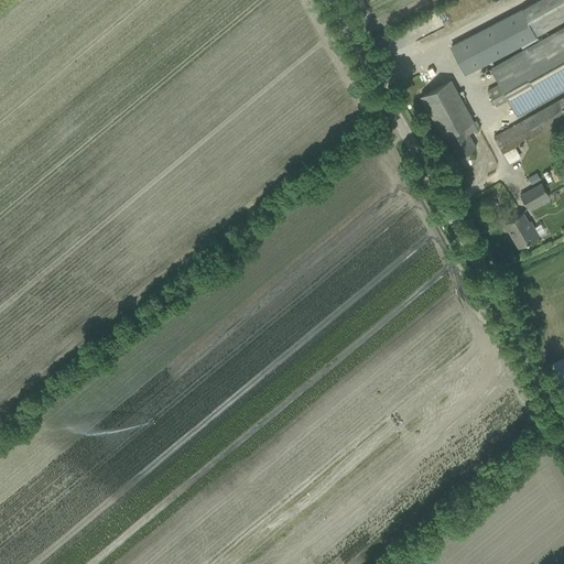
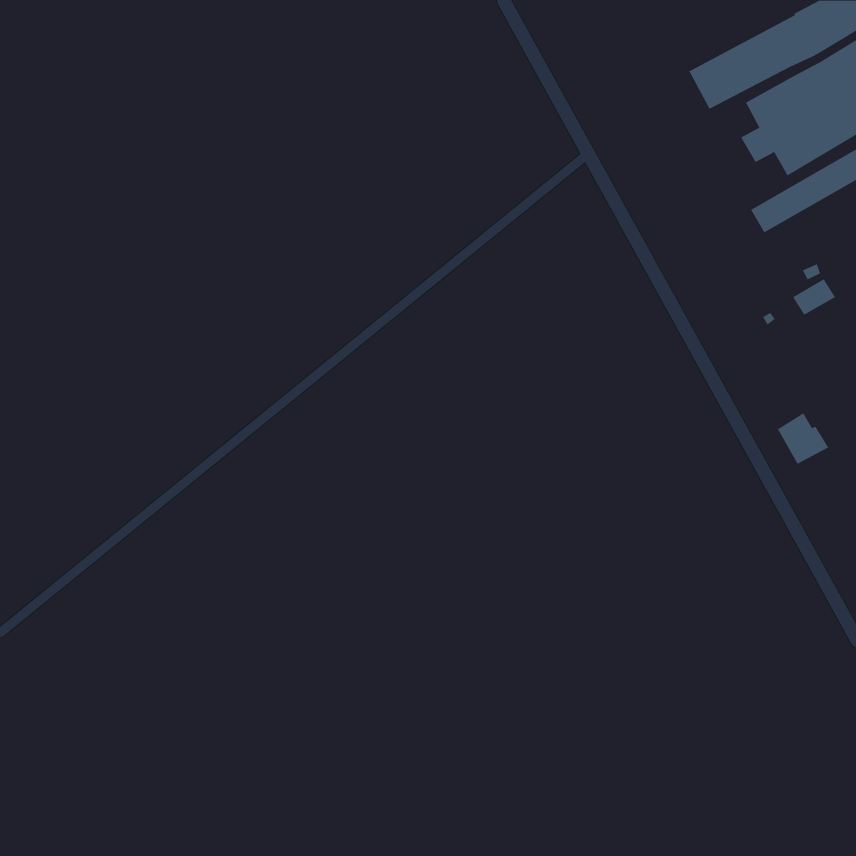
building: [422,82,477,171] -> none
building: [506,214,540,248] -> [777,412,829,464]

